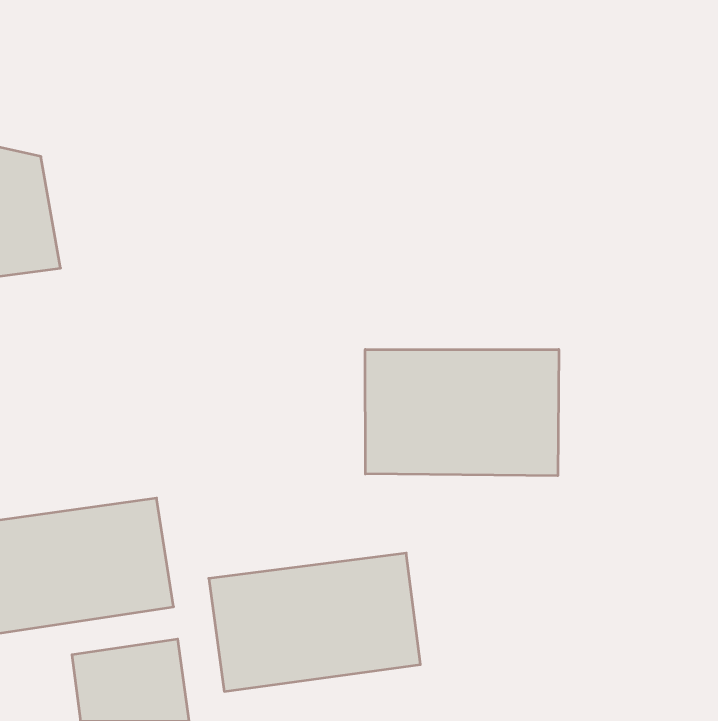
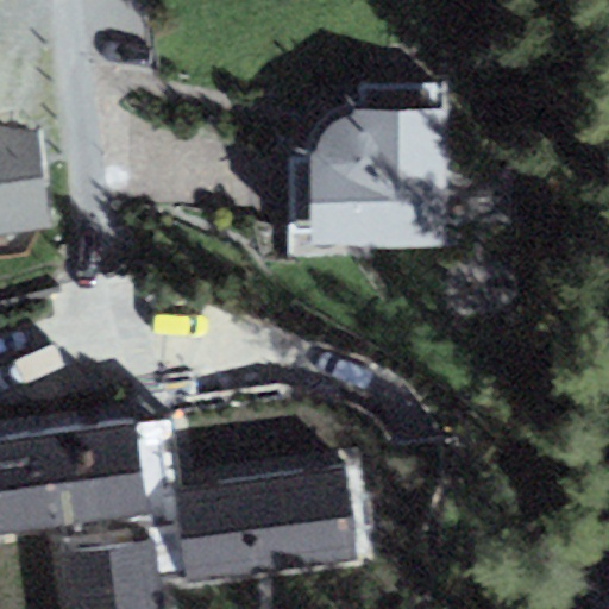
building: none -> [310,111,442,244]
building: [365,349,559,476] -> none

